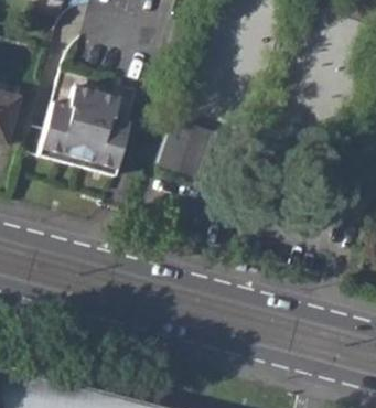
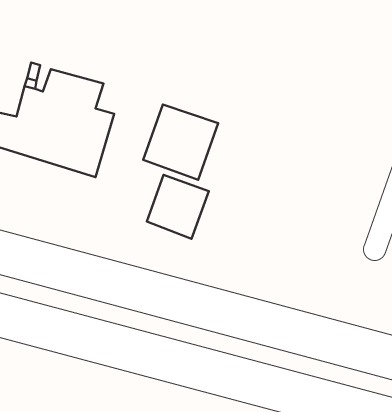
building: none -> [147,175,209,239]

